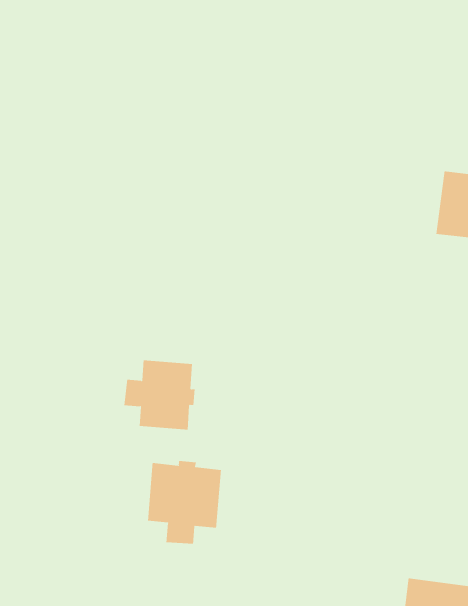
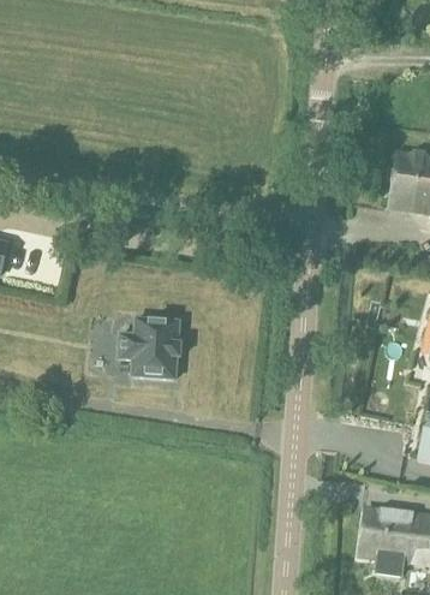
building: [147,460,222,544] -> none

